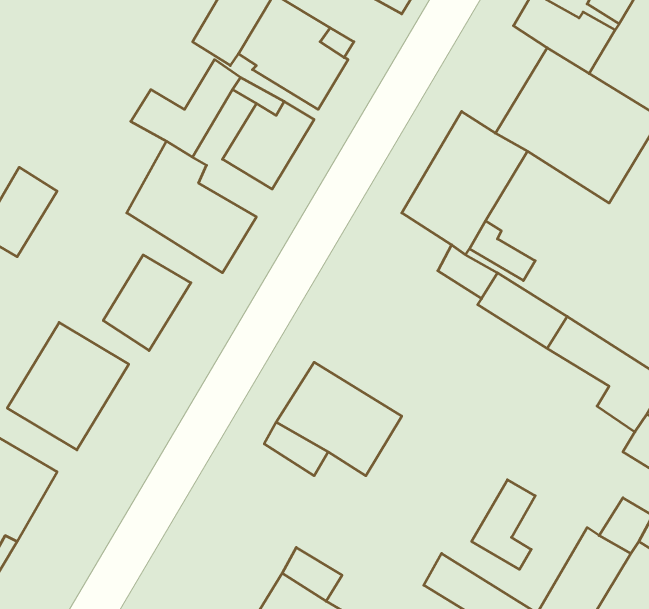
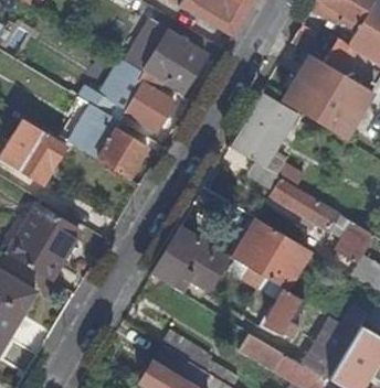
building: [103,255,191,351] -> [17,133,65,186]
building: none -> [233,219,310,292]

